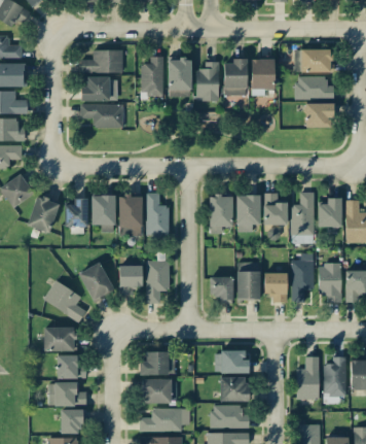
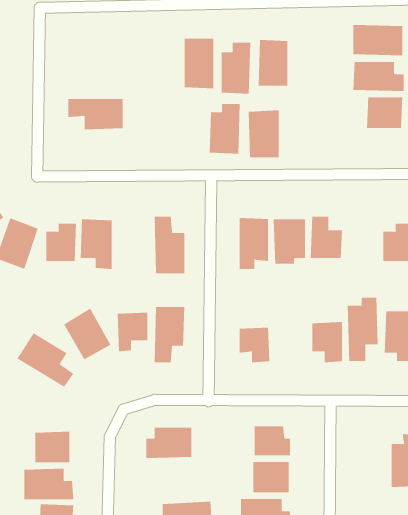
building: [80,49,123,73] -> none
building: [141,57,164,95] -> [209,103,240,154]
building: [251,58,274,94] -> [248,110,279,158]
building: [81,77,117,101] -> none
building: [291,192,314,243] -> none
building: [118,196,143,236] -> none
building: [236,262,260,300] -> none
building: [43,328,77,350] -> none
building: [296,356,320,399] -> none
building: [142,379,177,403] -> none

